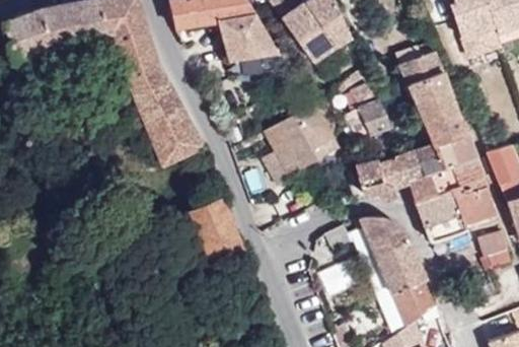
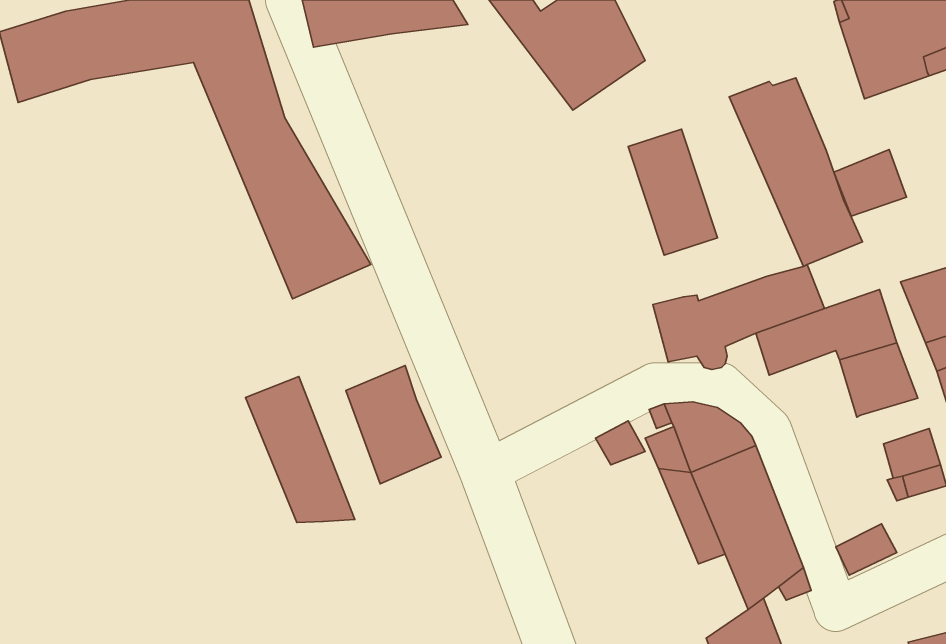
building: [216,14,280,74] -> none
building: [262,101,335,186] -> none
building: [437,130,475,165] -> [834,149,906,216]
building: [417,188,468,241] -> none
building: none -> [245,376,355,523]

